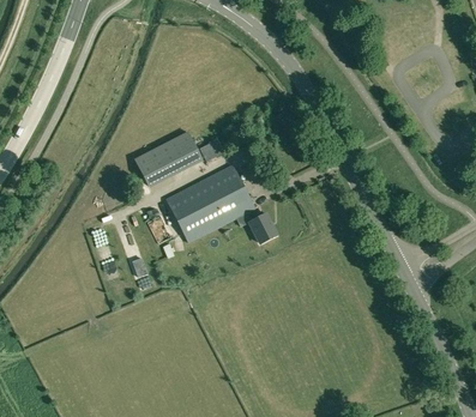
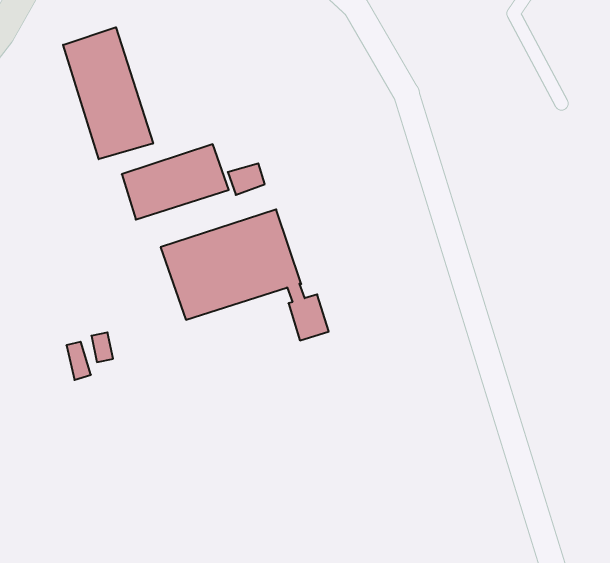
building: none -> [63,27,153,159]

